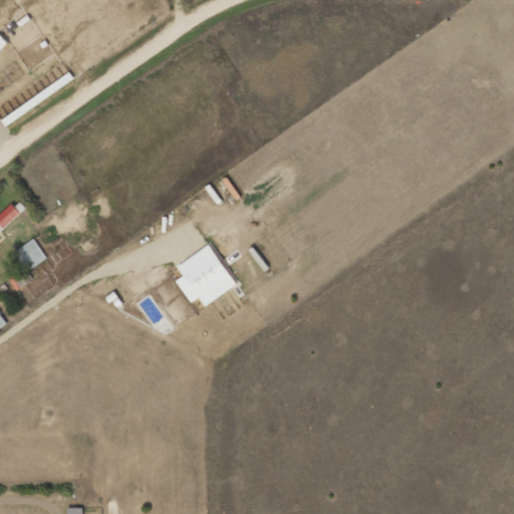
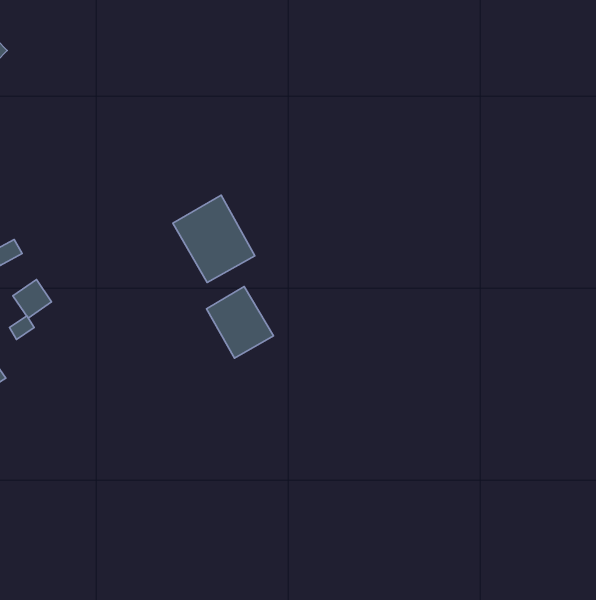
building: none -> [173,195,255,283]

